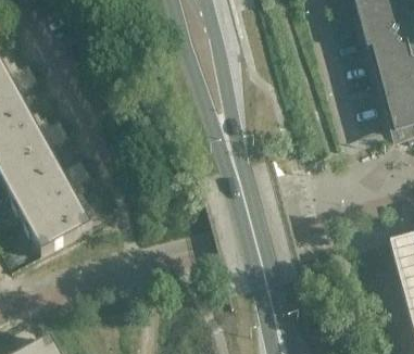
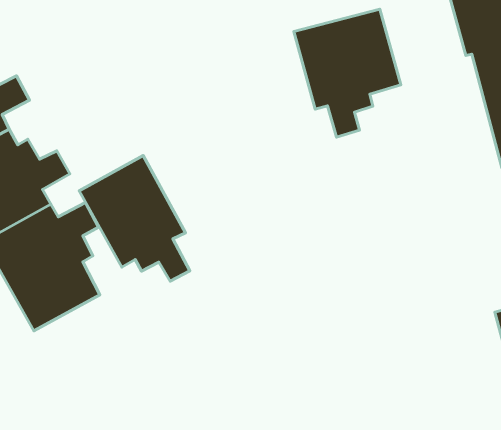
building: none -> [294,9,401,137]
building: none -> [79,155,190,281]

